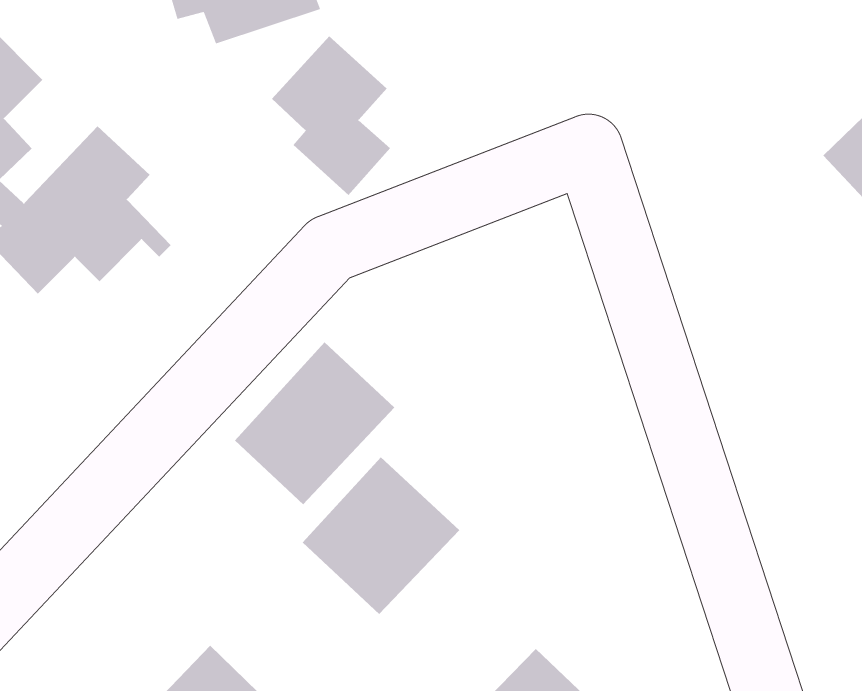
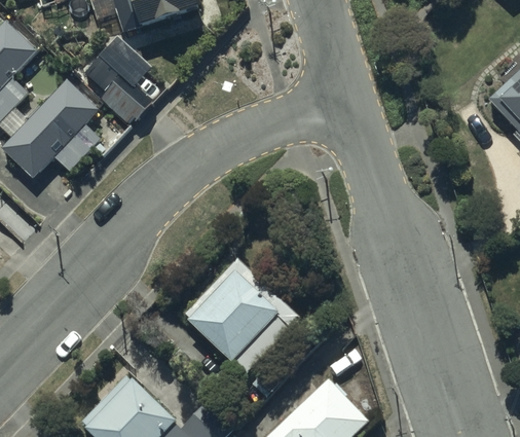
building: [271,36,391,196] -> [85,31,155,124]
building: [234,342,395,505] -> none

